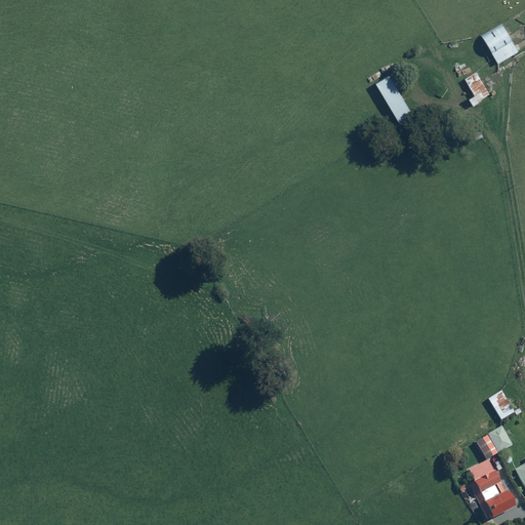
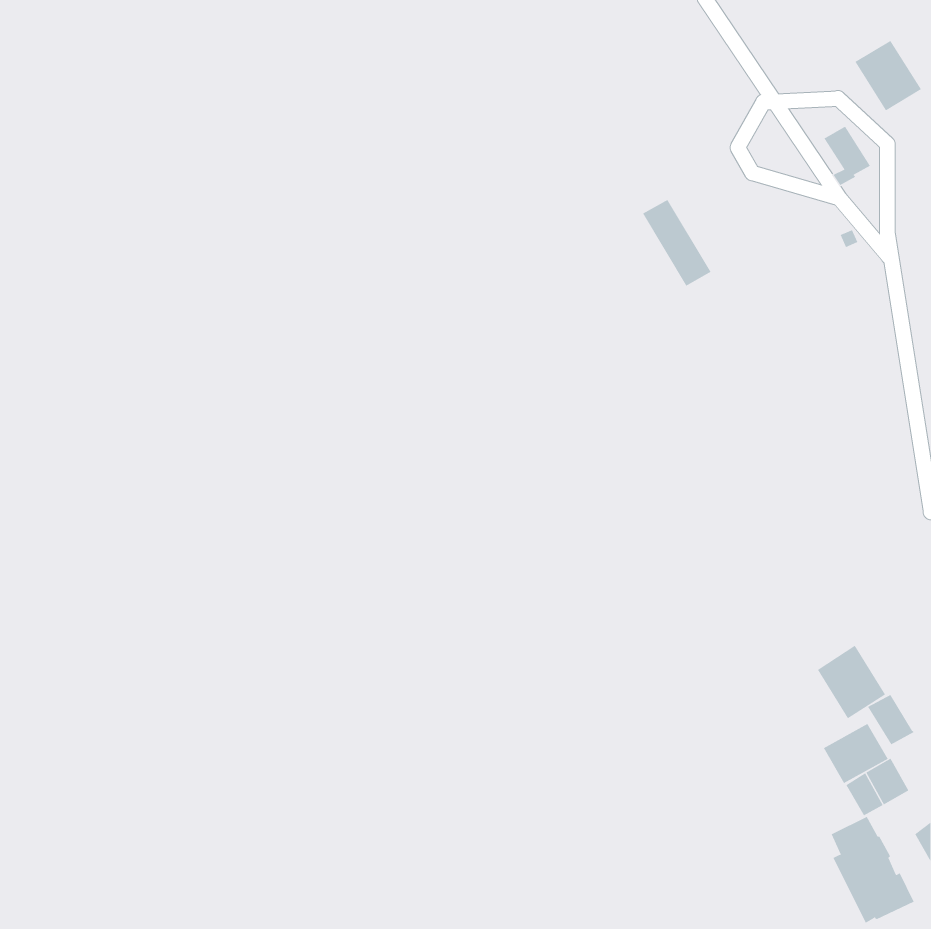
building: [375,75,414,124] -> [642,199,711,286]
building: none -> [817,645,886,719]
building: none -> [823,723,888,784]

